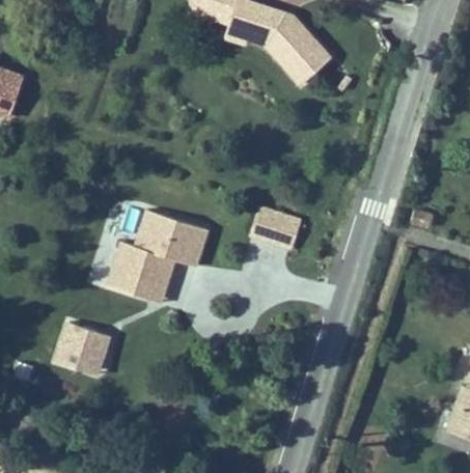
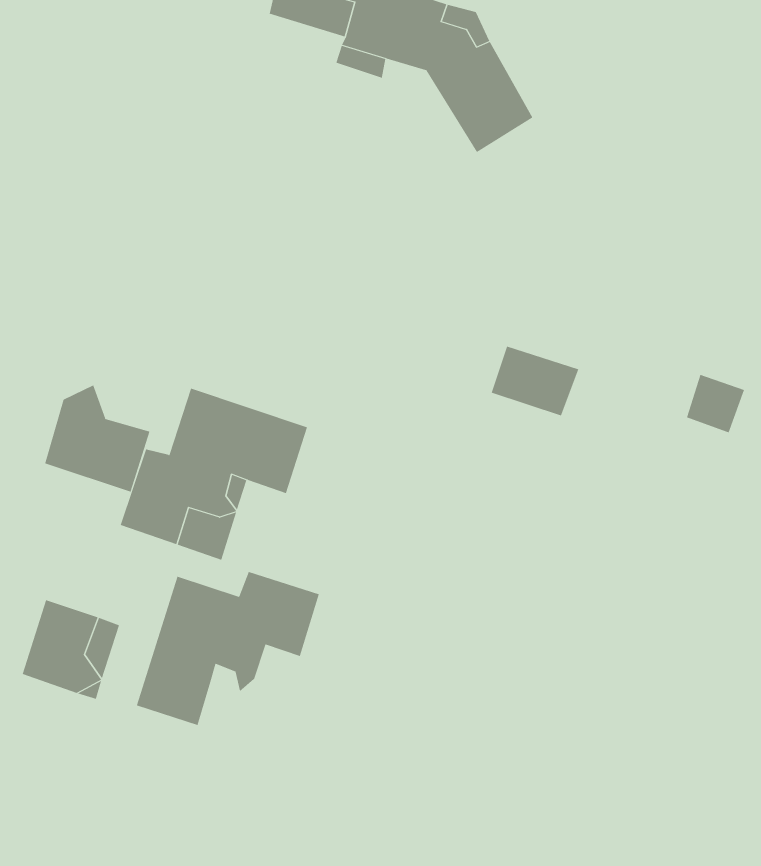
building: none -> [44,385,150,493]
building: [251,210,298,247] -> [491,346,579,416]
building: none -> [136,571,319,726]

